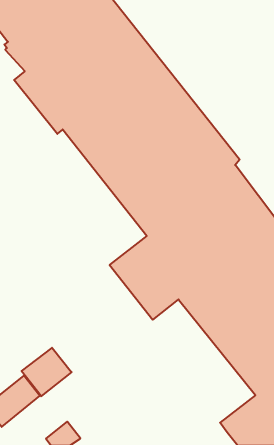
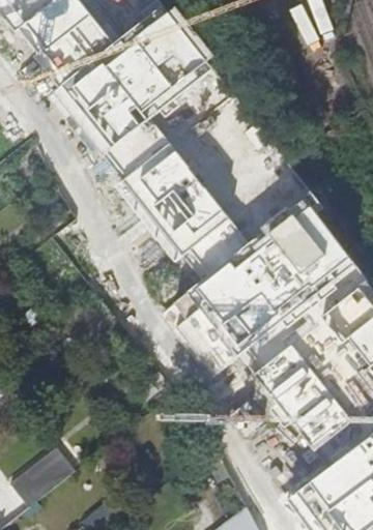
building: [22,348,72,396] -> none

